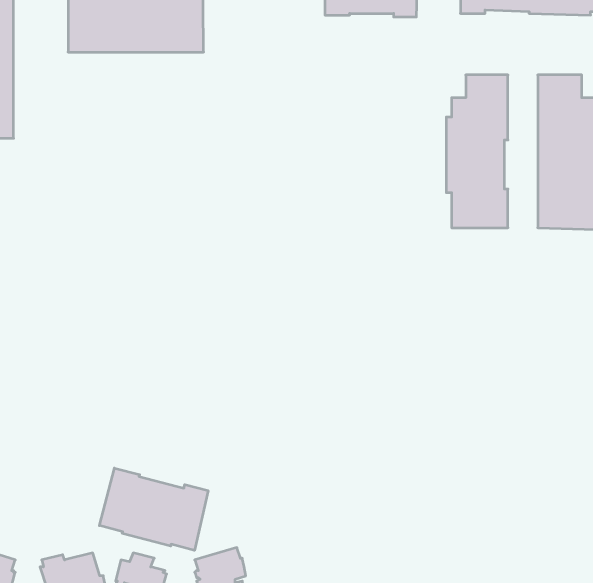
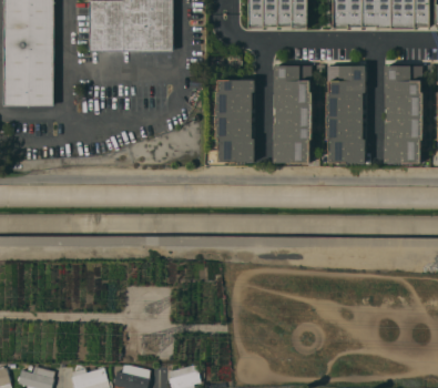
building: none -> [273,65,312,162]
building: none -> [215,79,254,161]
building: [99,468,208,550] -> none

